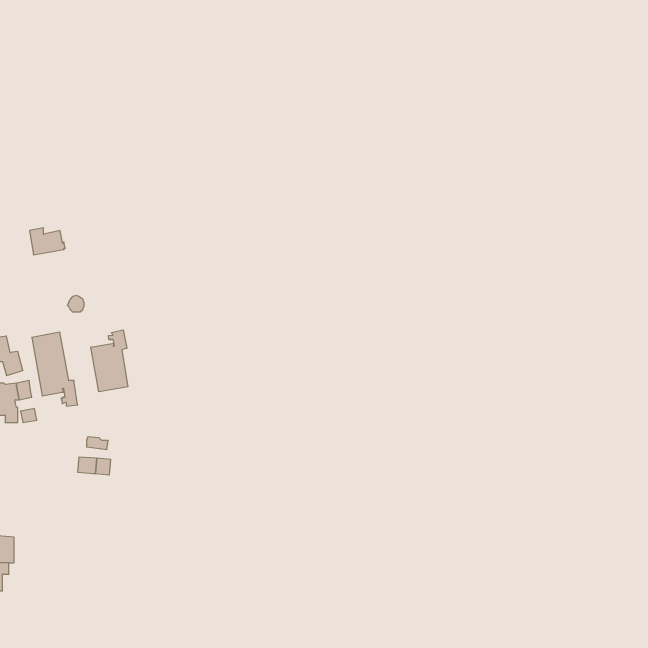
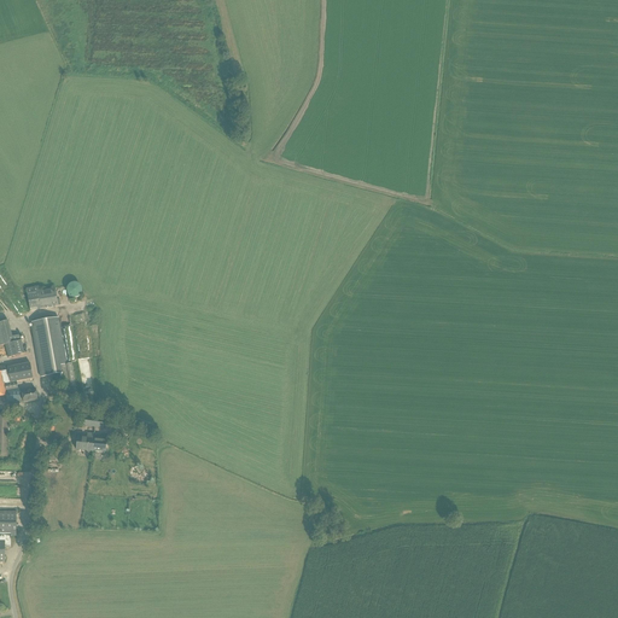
building: [30,228,65,255] -> [24,284,58,309]
building: [91,330,128,392] -> none

